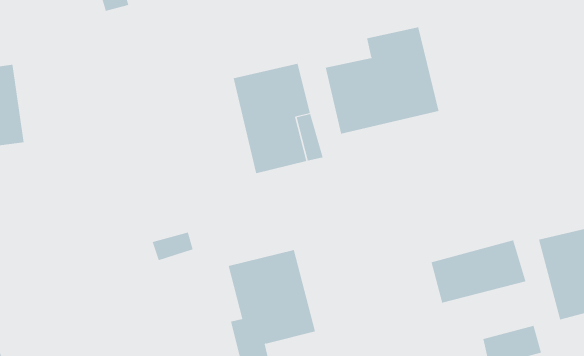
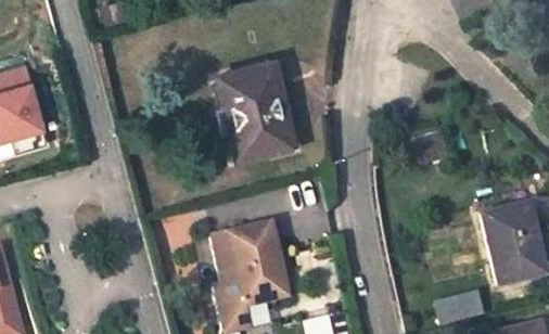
building: [325,26,439,135] -> none
building: [431,240,526,304] -> none

